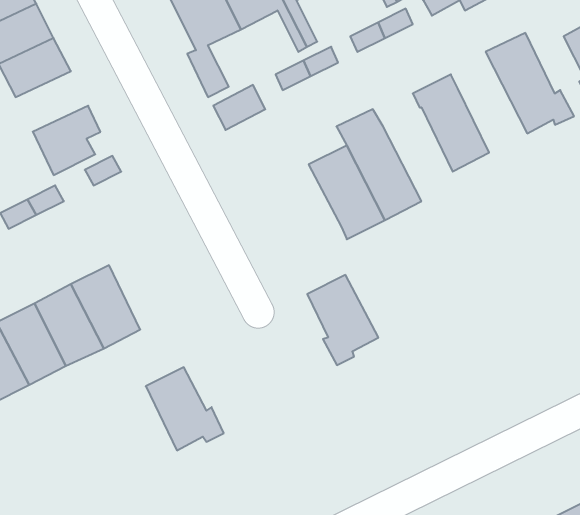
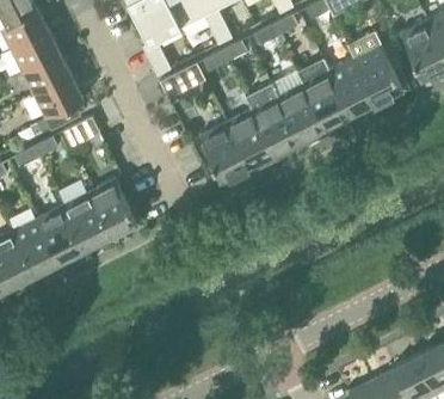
building: none -> [323,45,376,115]
building: none -> [24,59,74,100]
building: none -> [277,84,328,148]
building: [307,275,378,365] -> [199,123,248,185]
building: [146,367,224,450] -> [88,179,142,237]

